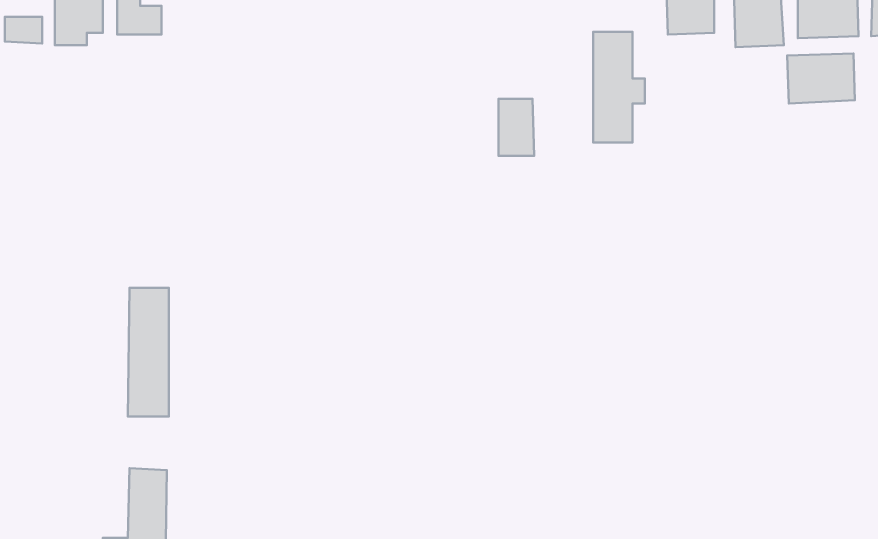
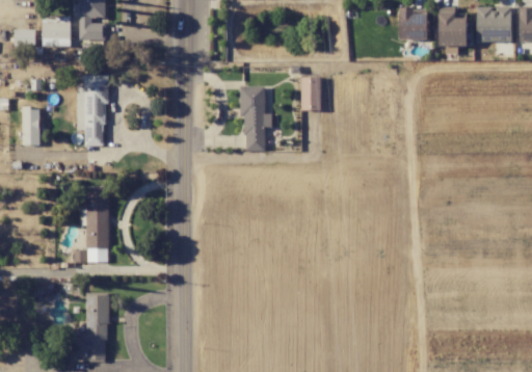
building: [593,32,645,143] -> [242,87,272,152]
building: [787,54,855,103] -> none
building: none -> [77,76,107,147]
building: none -> [22,108,41,145]

